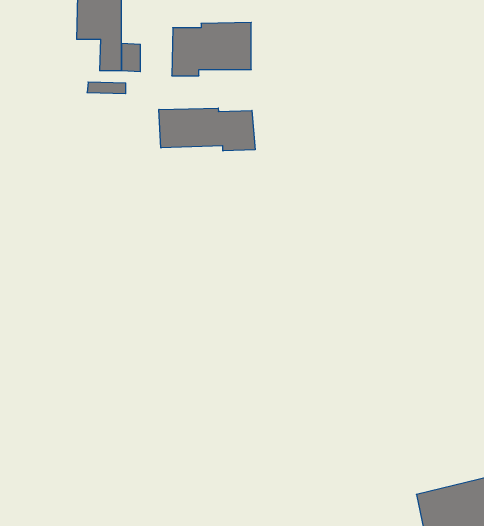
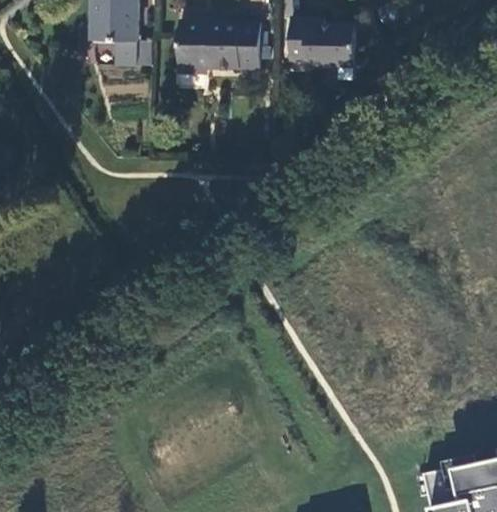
building: none -> [292,20,358,62]
building: [159,108,255,151] -> none

